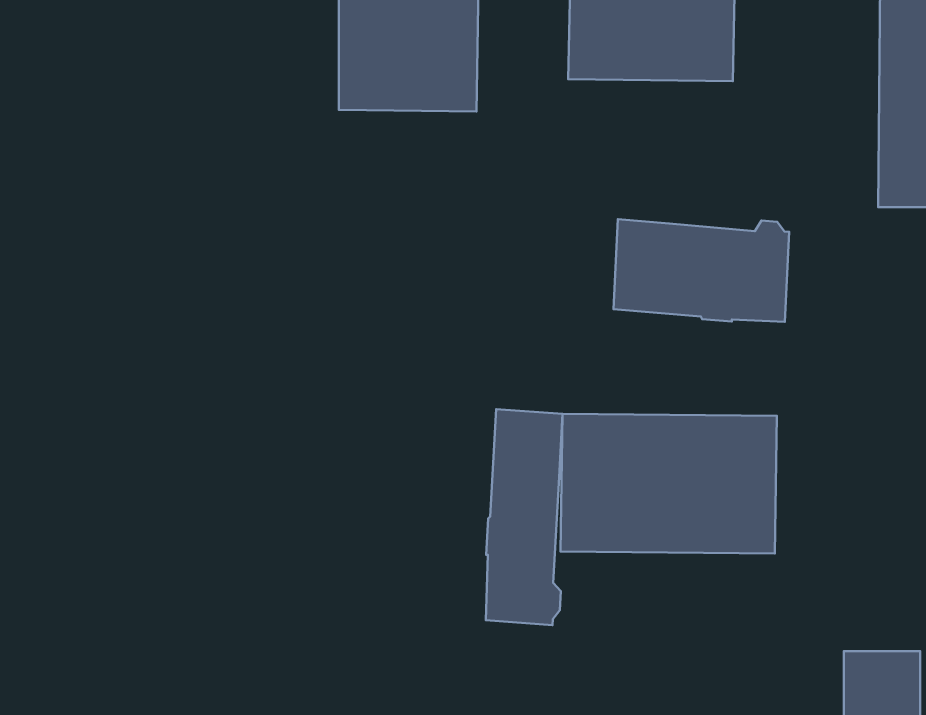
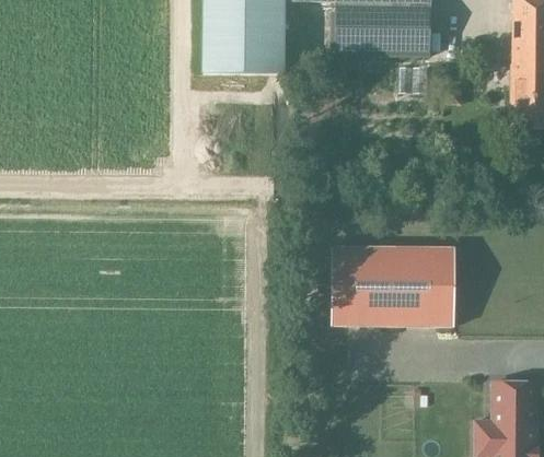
building: [614,219,789,322] -> none
building: [486,409,563,625] -> none

